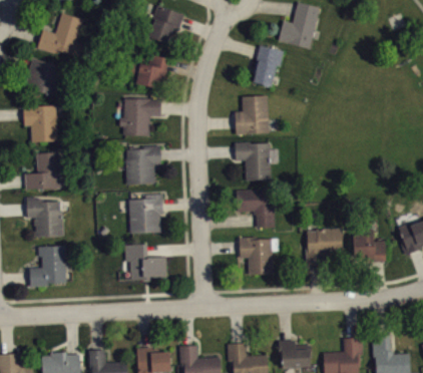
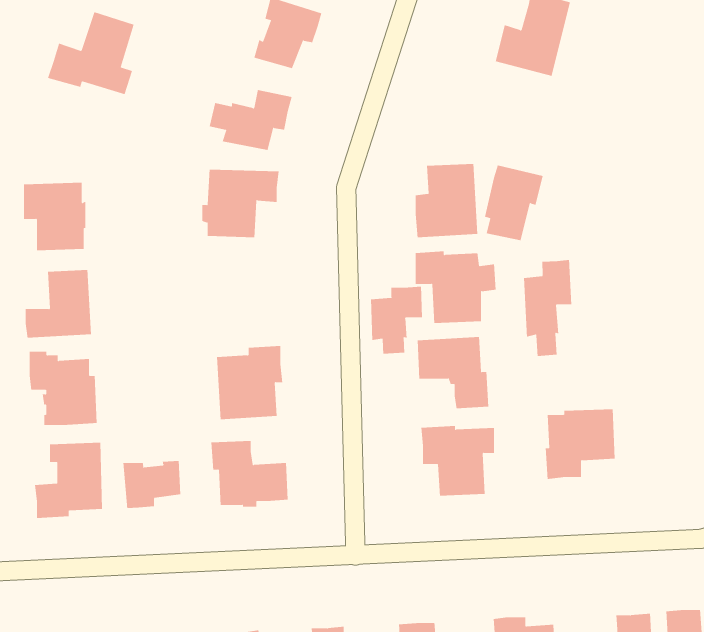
building: [253,45,285,86] -> [484,165,543,241]
building: [25,59,68,97] -> none
building: [125,146,161,184] -> none
building: none -> [524,259,572,357]
building: none -> [371,286,423,354]
building: [353,230,386,263] -> none
building: none -> [123,460,181,509]

